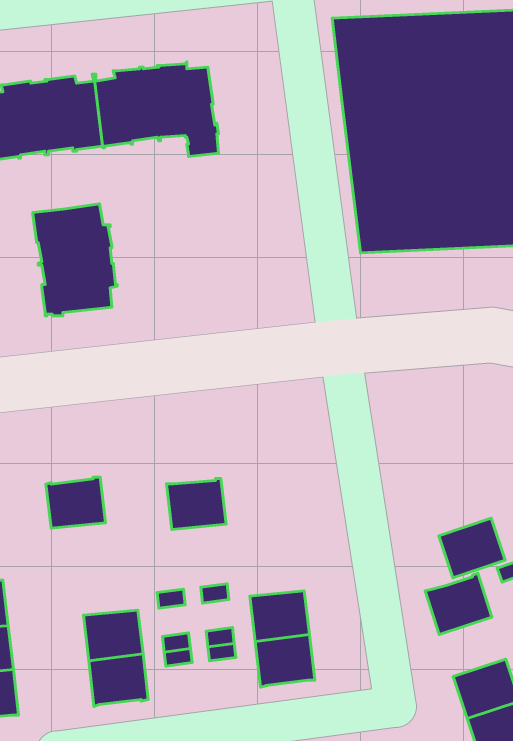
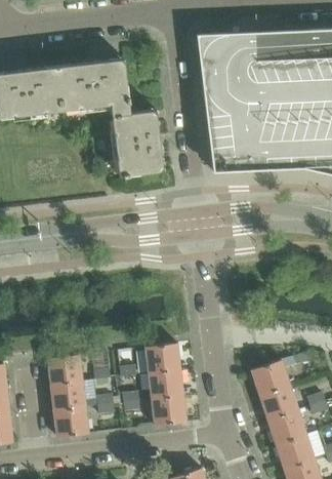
building: [33,204,117,316] -> [113,110,162,175]
building: [46,477,105,528] -> [48,354,83,384]
building: [166,479,226,529] -> [146,343,180,372]
building: [439,518,505,578] -> [259,385,298,420]

